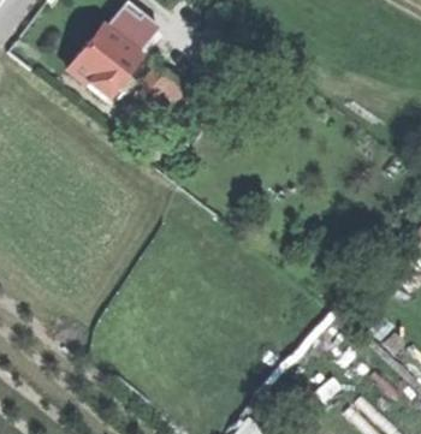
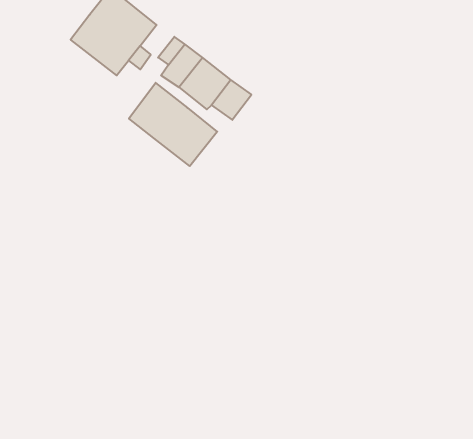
building: none -> [129,83,217,166]

